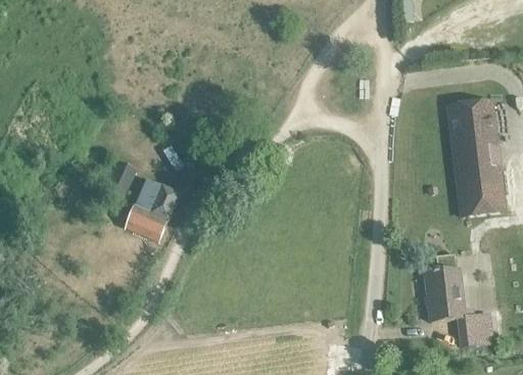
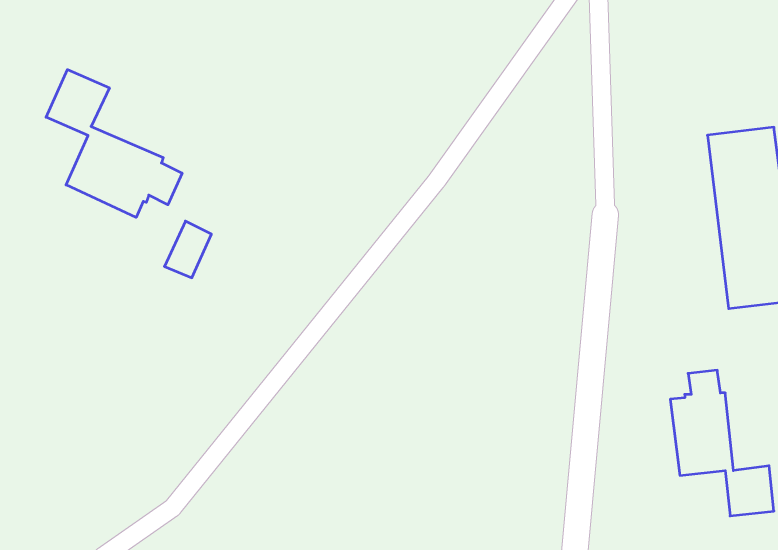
building: none -> [46,70,182,217]
building: [118,176,180,240] -> none

